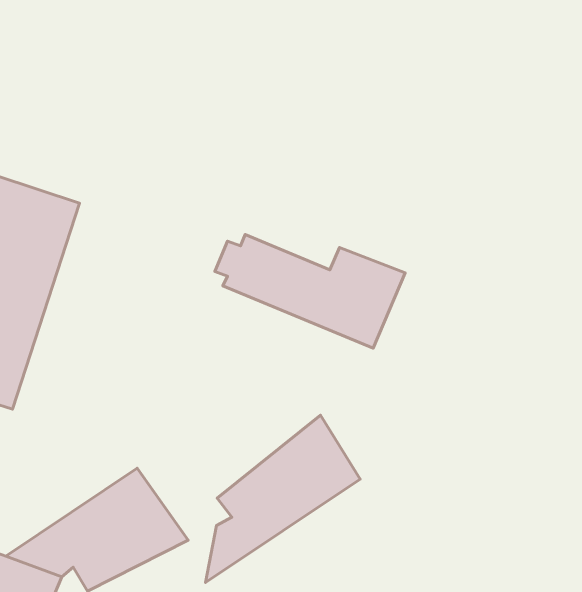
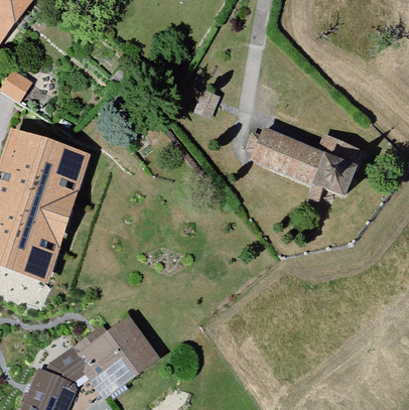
building: [215,235,405,348] -> [244,126,364,197]
building: [205,415,360,583] -> none

